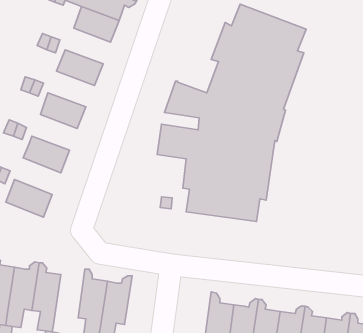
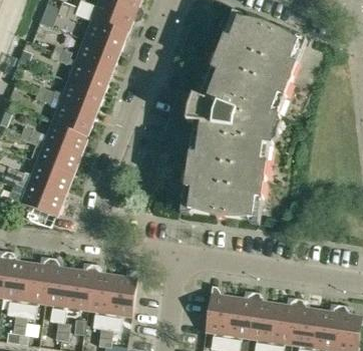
building: none -> [75,41,117,74]
building: none -> [59,81,102,114]
building: none -> [44,121,86,154]
building: none -> [28,161,71,196]
building: none -> [64,264,93,317]

